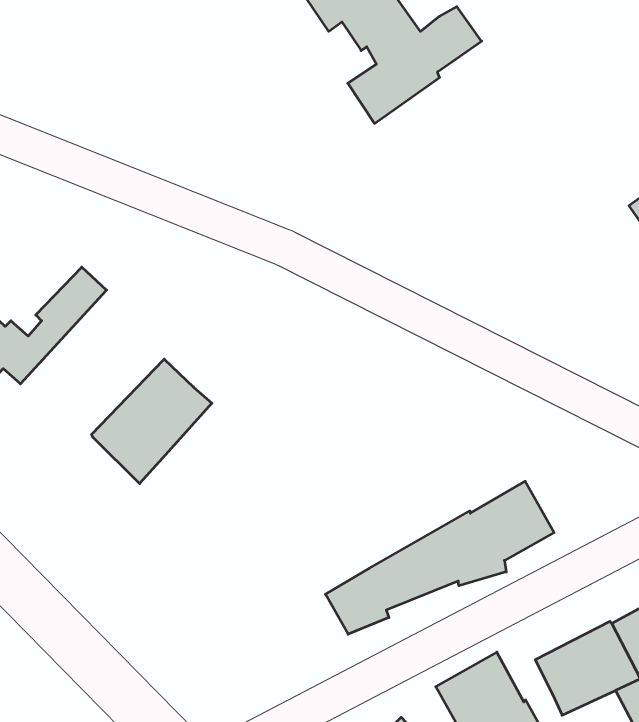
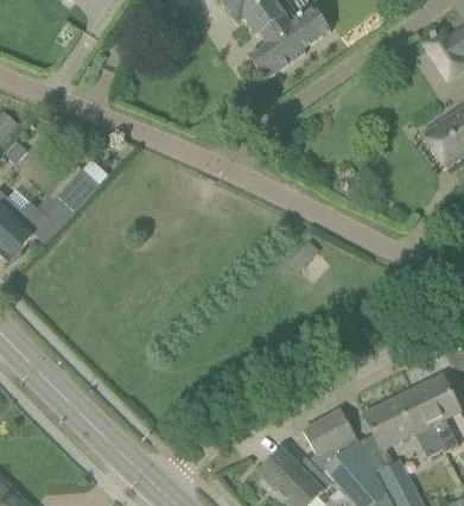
building: [92,359,212,484] -> none
building: [325,481,554,634] -> none

